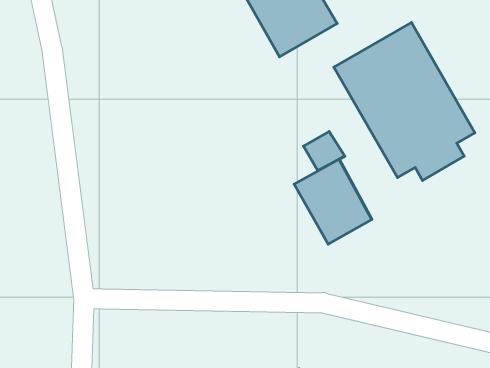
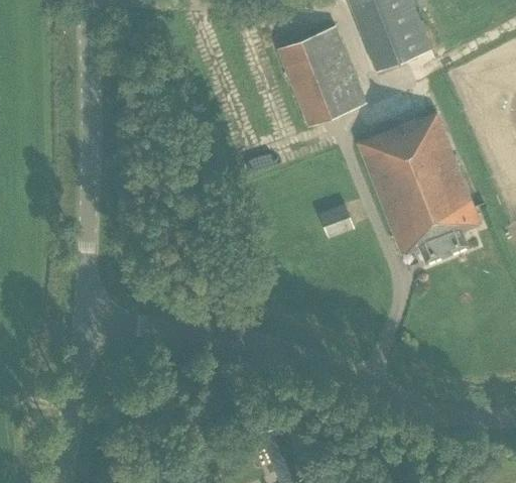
building: [294,159,372,244] -> none

